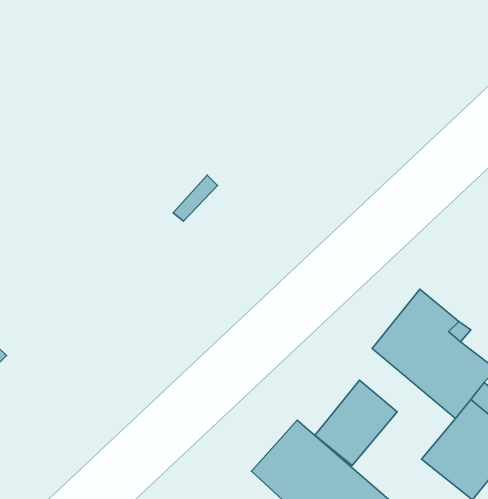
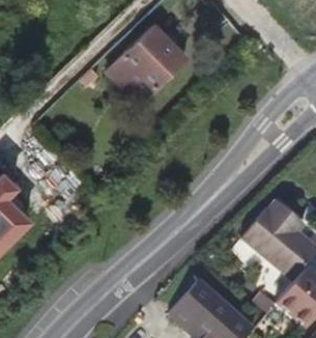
building: none -> [97,33,175,97]
building: [315,380,397,465] -> none

